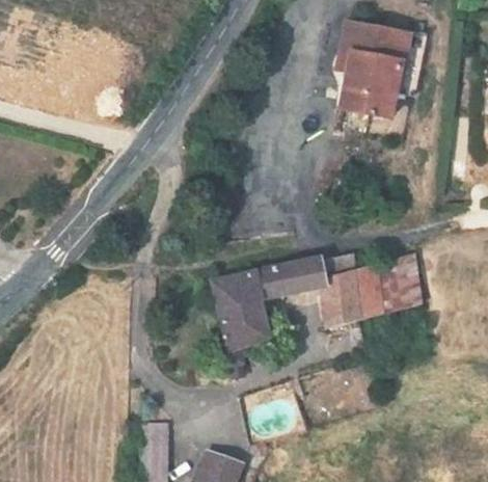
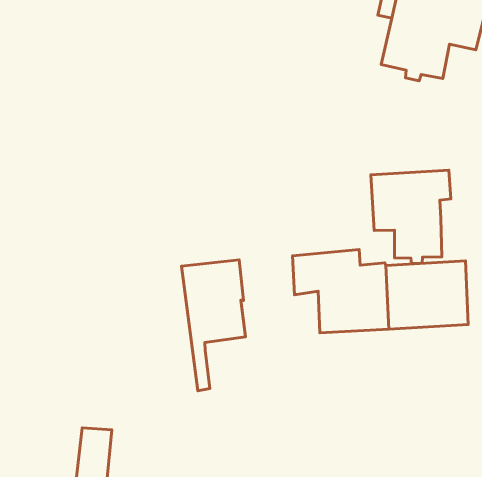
building: none -> [371,170,451,263]
building: [251,265,299,305] -> none

